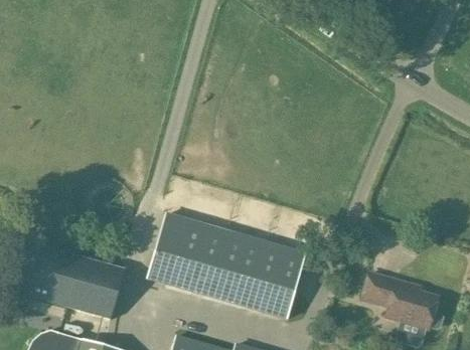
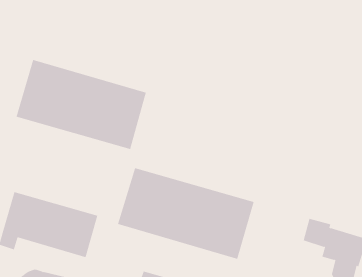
building: none -> [16,59,146,150]

